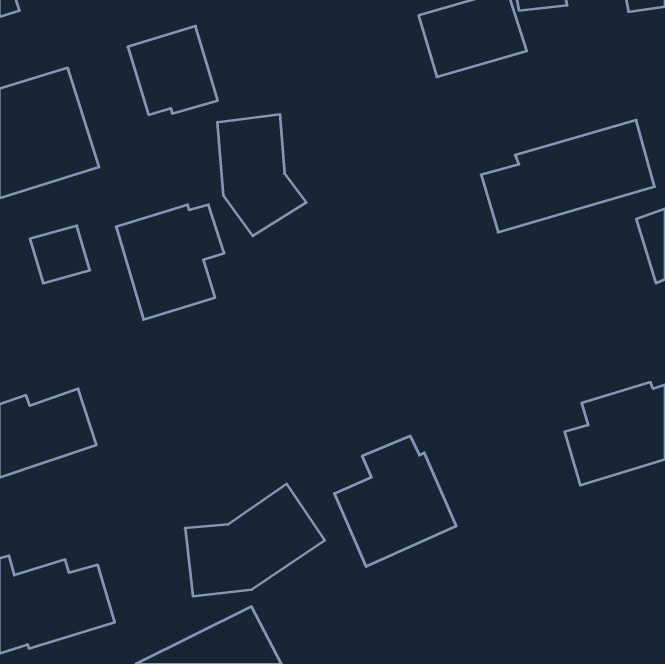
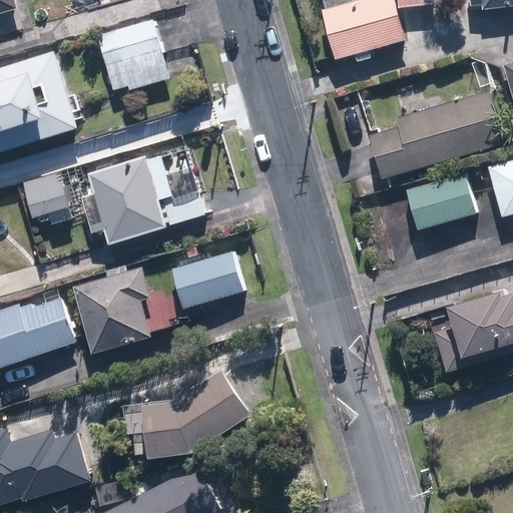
building: [218,114,306,236] -> none
building: none -> [407,173,475,228]
building: none -> [172,253,242,309]
building: none -> [76,270,151,353]
building: [334,436,456,567] -> none

